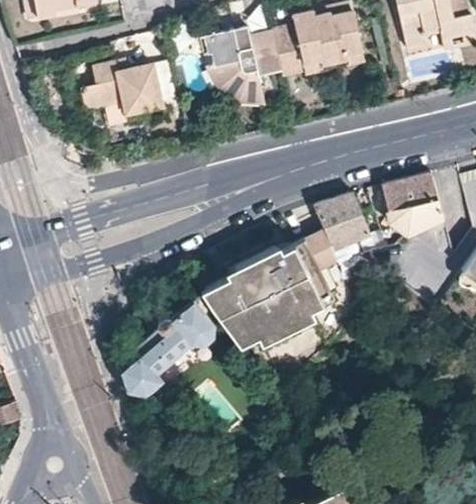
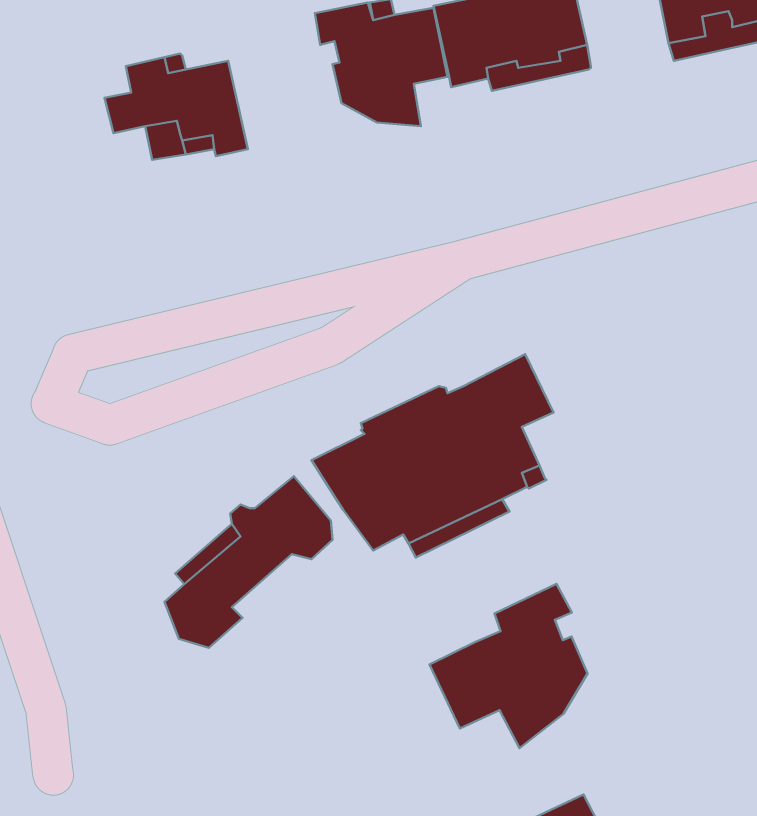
building: [382,173,444,235] -> none
building: [313,193,371,263] -> none
building: none -> [430,584,588,748]

